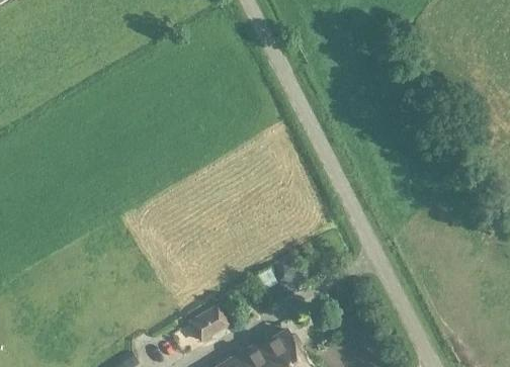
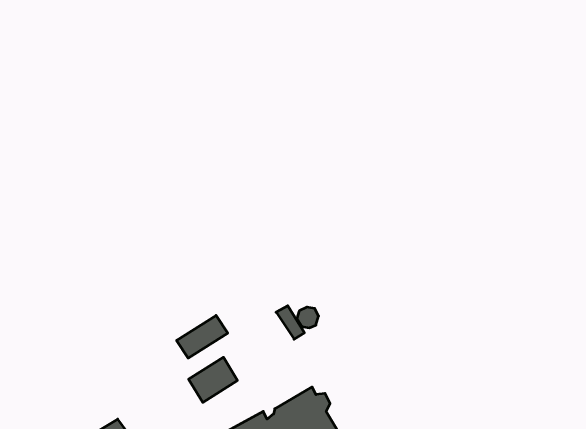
building: none -> [177,315,228,358]

